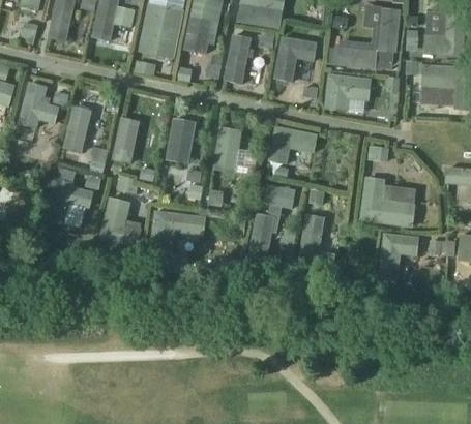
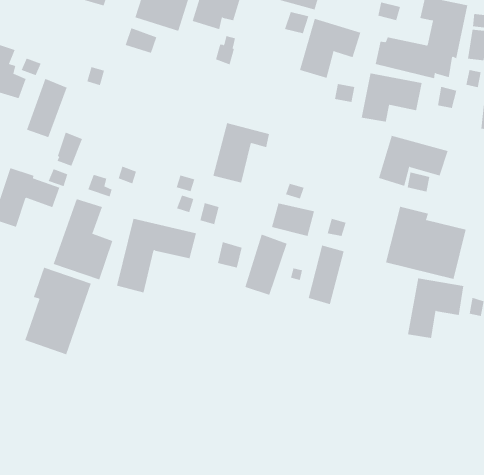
building: [223,33,253,84] -> none
building: [166,115,199,164] -> none
building: [111,117,139,163] -> none
building: [267,123,320,162] -> [378,135,448,187]
building: none -> [24,267,92,355]

